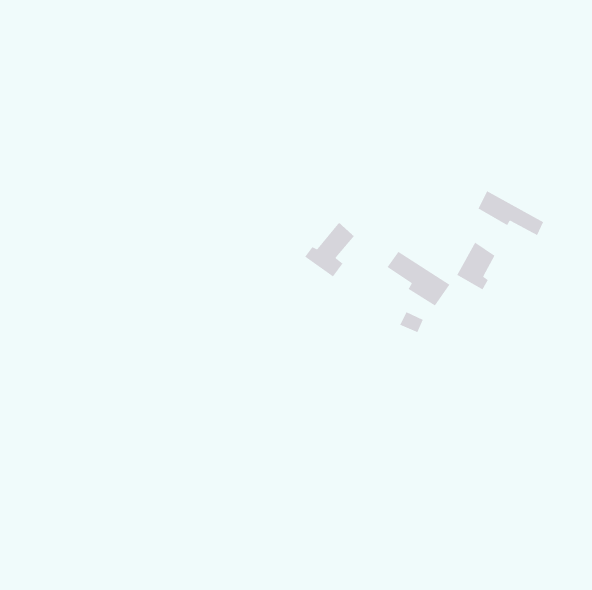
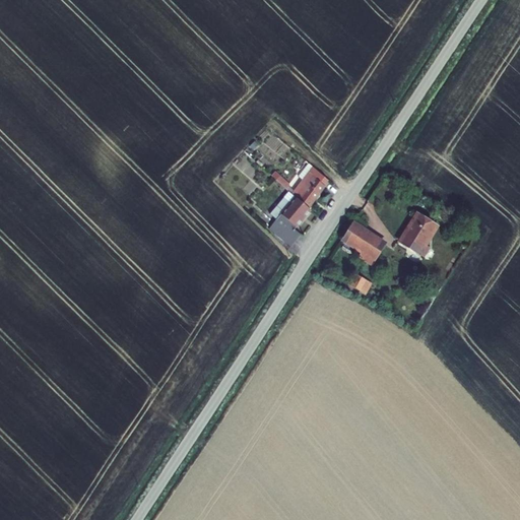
building: none -> [286,165,327,205]
building: [477,190,544,236] -> none

